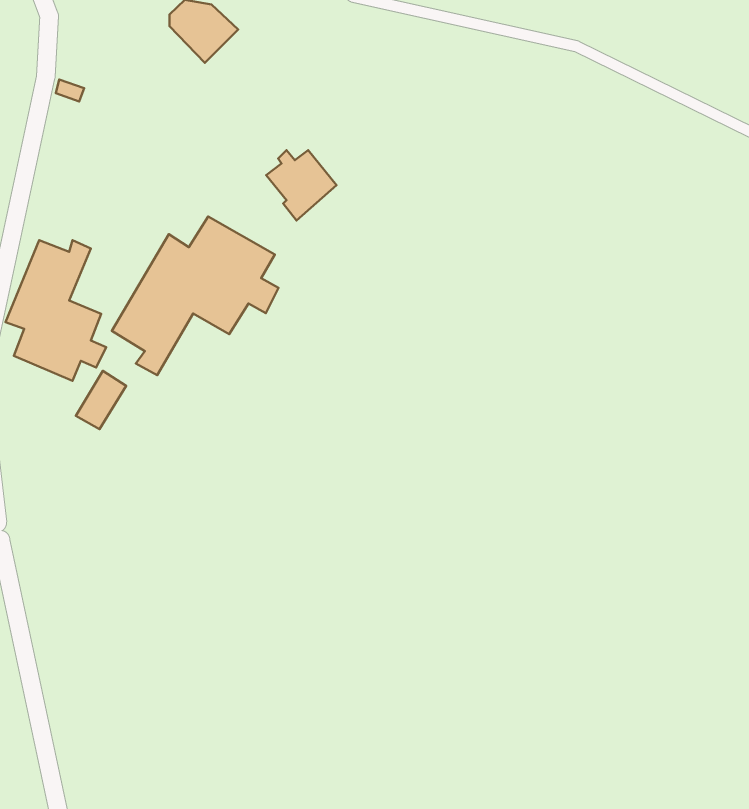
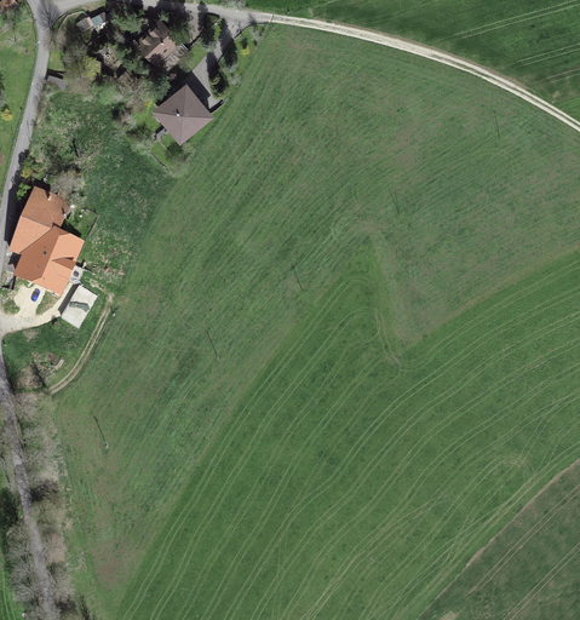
building: [266,150,337,220] -> [157,87,208,138]
building: [112,216,279,375] -> none

